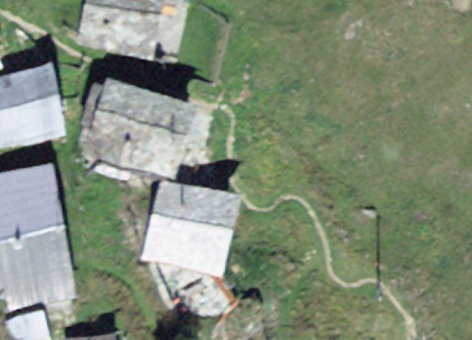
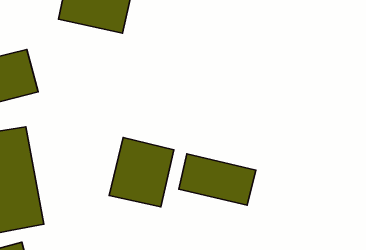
building: [90,80,188,169] -> none
building: none -> [179,154,256,205]

